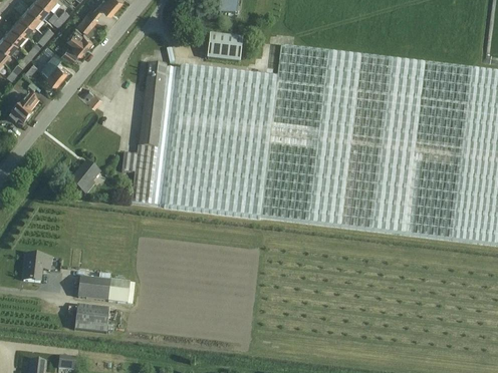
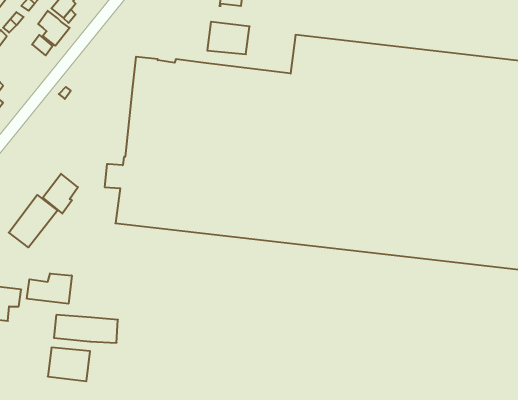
building: [42,51,68,83] -> none
building: none -> [9,195,58,247]
building: none -> [27,273,72,304]

